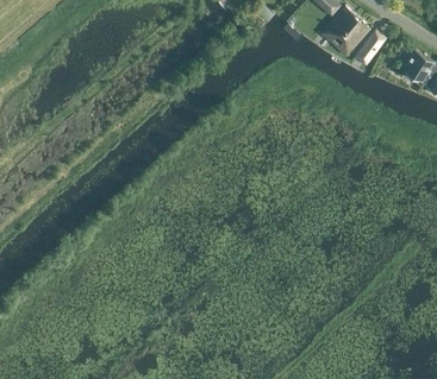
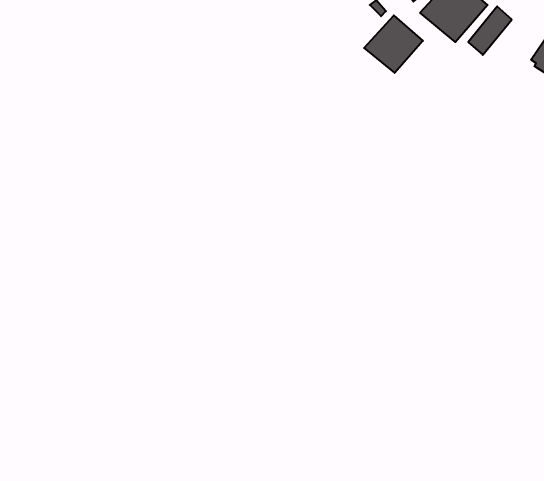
building: none -> [364,15,423,73]

